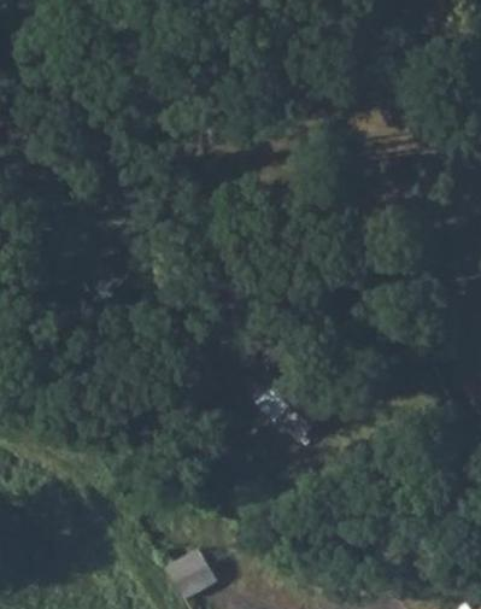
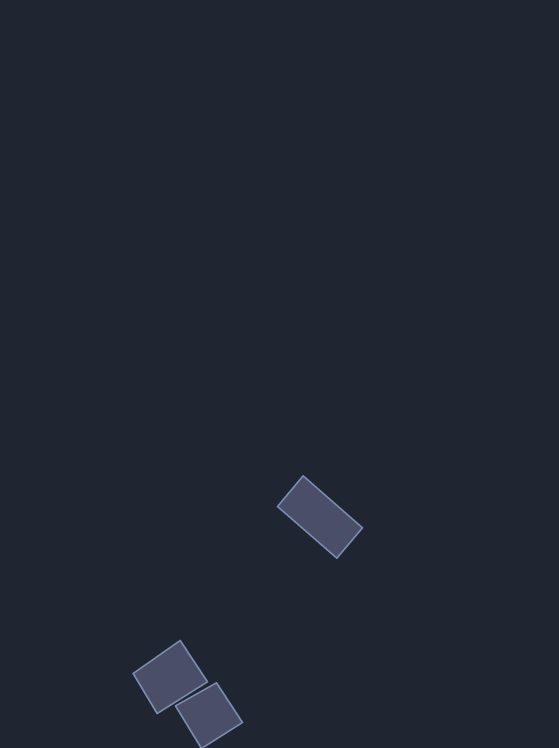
building: none -> [133,641,207,714]

